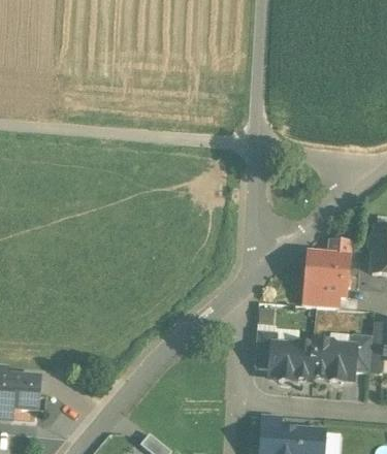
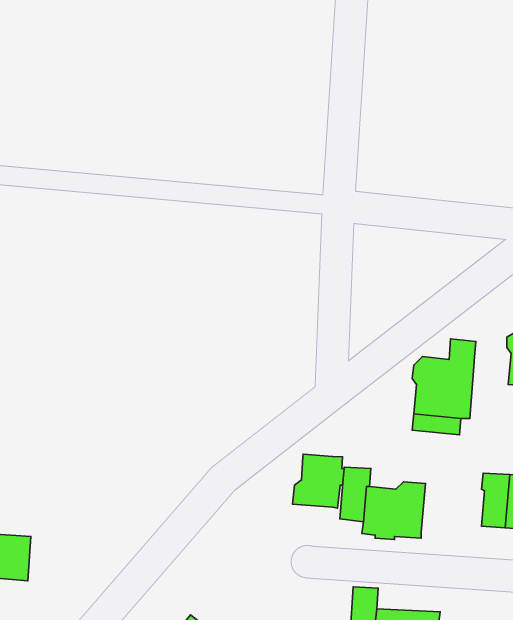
building: none -> [293,454,344,508]
building: [312,336,356,380] -> none

